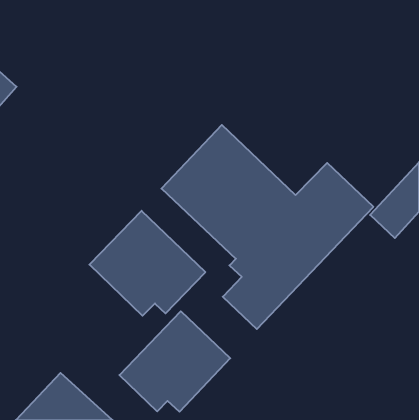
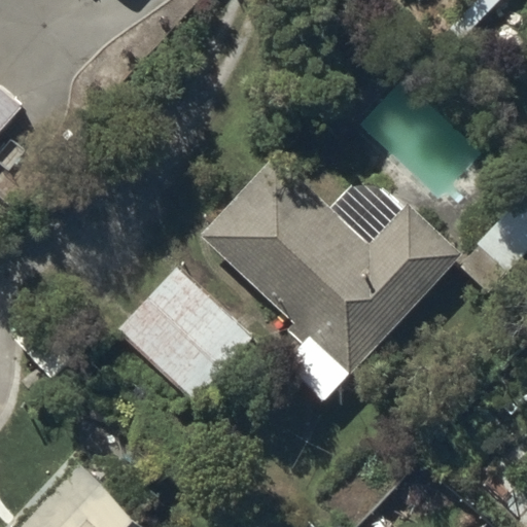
building: [119,311,230,412] -> none

